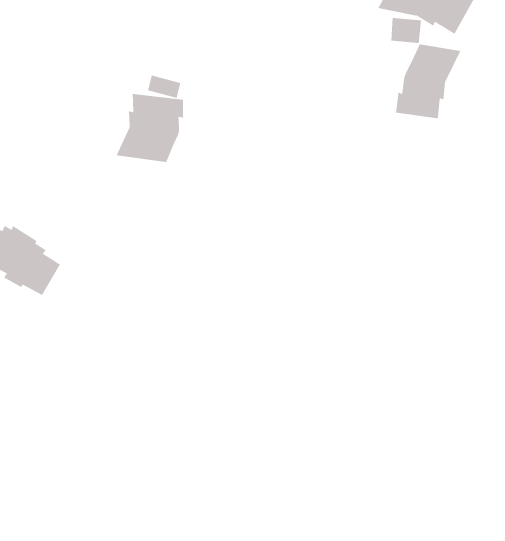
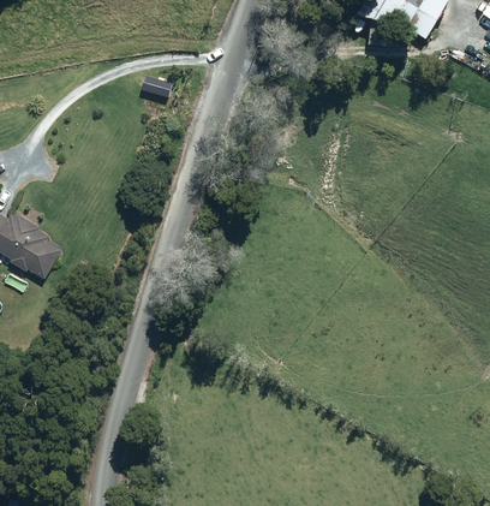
building: [395,44,461,119] -> none
building: [116,93,184,163] -> none

